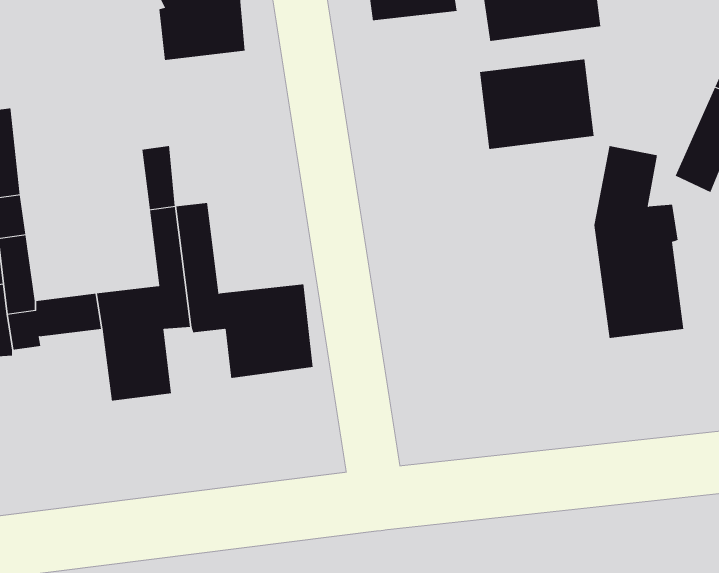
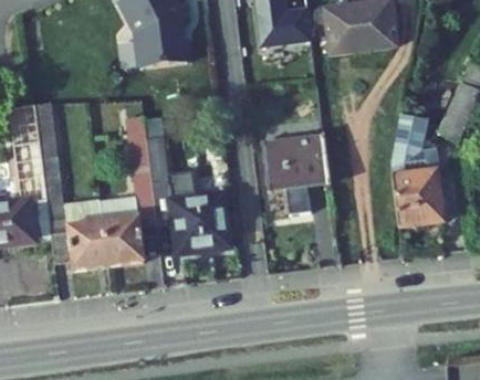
building: [479,59,595,150] -> [261,136,328,189]
building: none -> [51,222,108,268]

